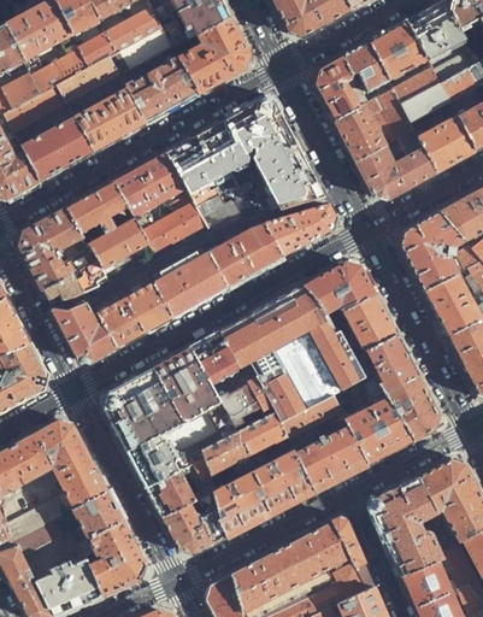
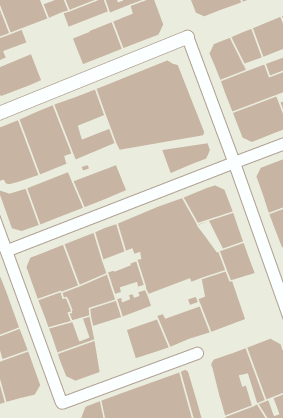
building: [58,57,119,104] -> none
building: [75,89,146,152] -> none
building: [206,224,284,286] -> none
building: [388,375,438,439] -> none
building: [276,394,338,440] -> none
building: [212,474,270,536] -> none

